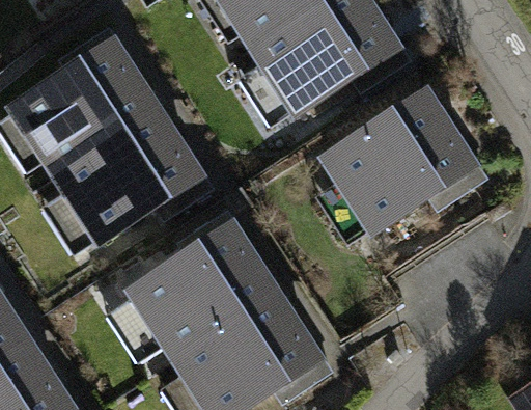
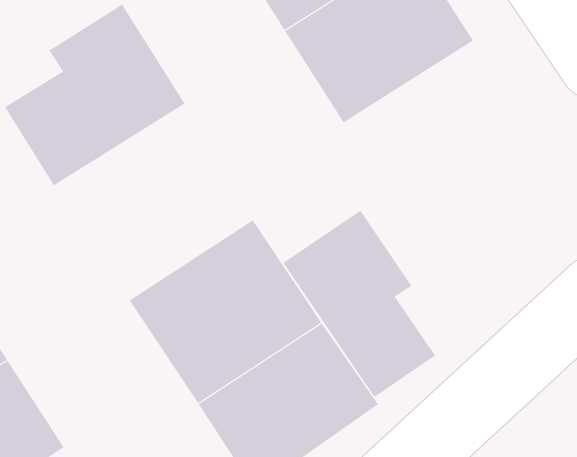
building: [326,95,487,247] -> none
building: [58,111,214,252] -> none
building: none -> [282,210,436,398]

